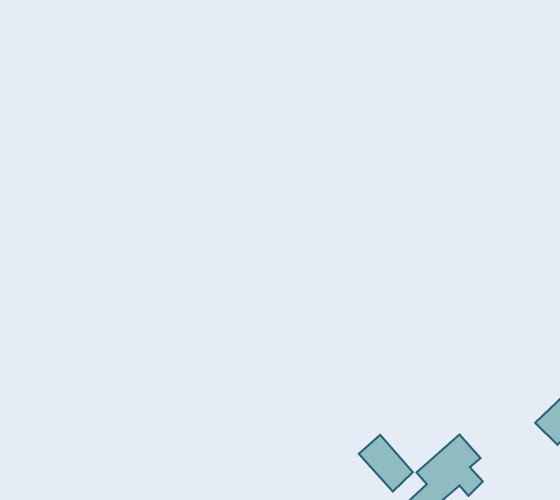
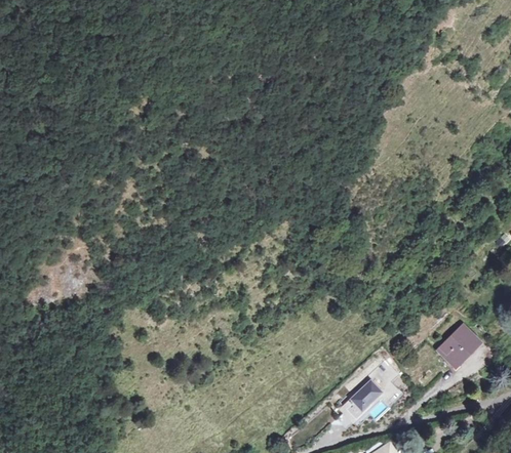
building: [359,435,413,491] -> none

